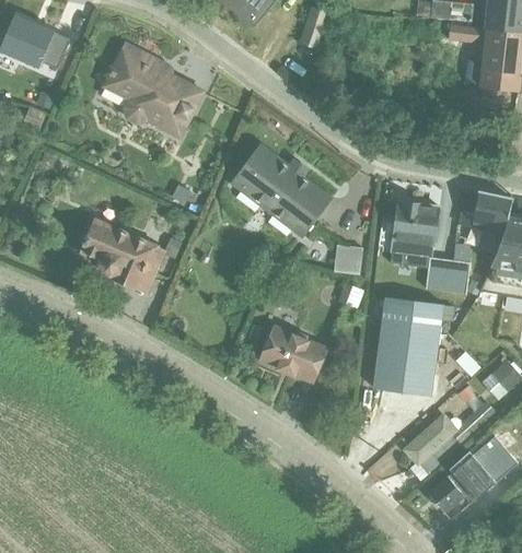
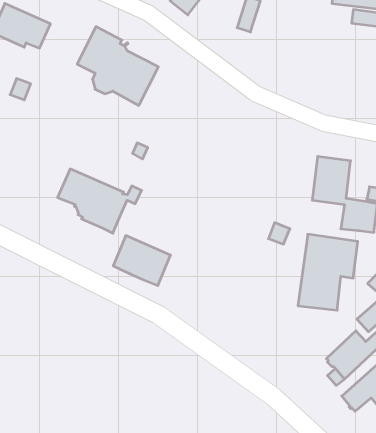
building: [231,145,328,236] -> none
building: [333,243,361,273] -> none
building: [258,321,328,383] -> [113,236,171,286]

